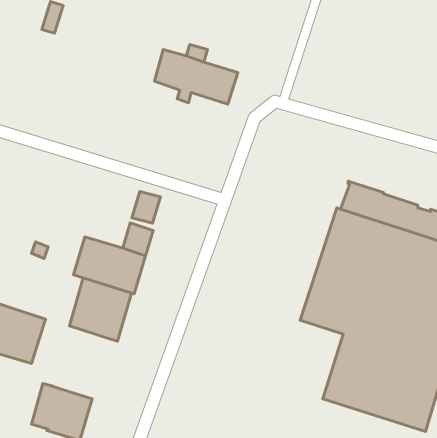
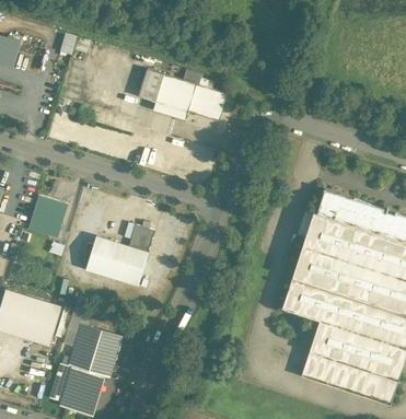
building: none -> [138,69,163,102]
building: none -> [27,195,68,237]
building: [132,192,161,223] -> none
building: [69,278,131,341] -> [68,324,121,379]

